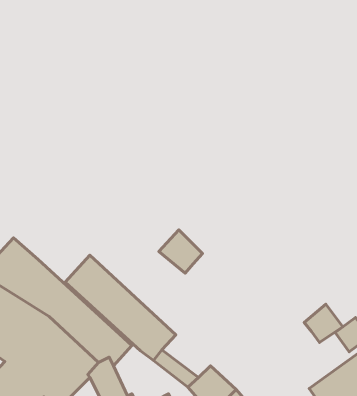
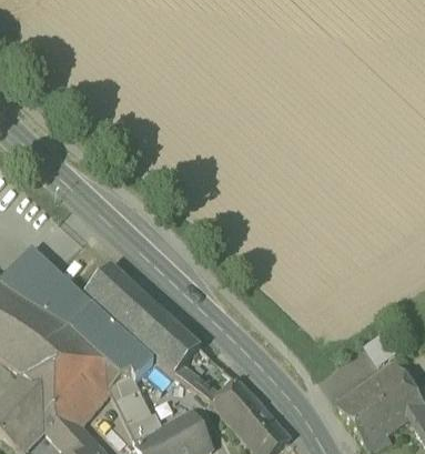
building: [159,230,203,273] -> none
building: [304,304,343,342] -> none

